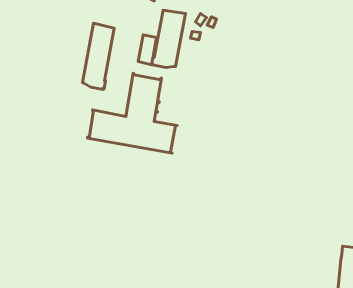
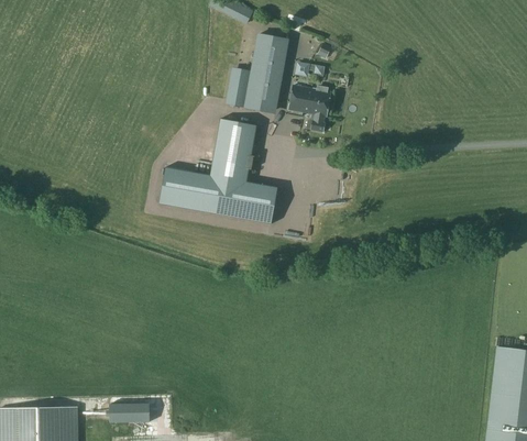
building: [82,23,114,89] -> none
building: none -> [289,86,331,132]

